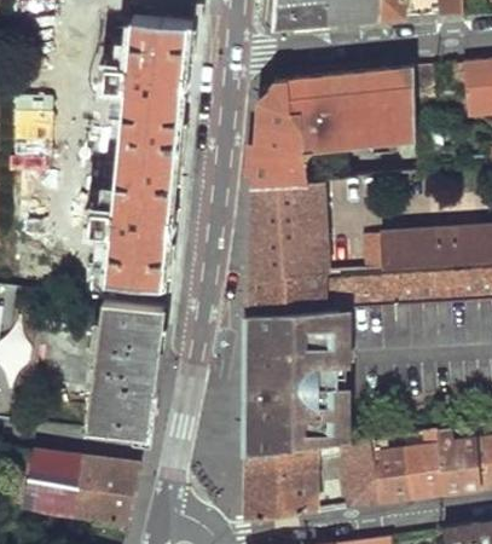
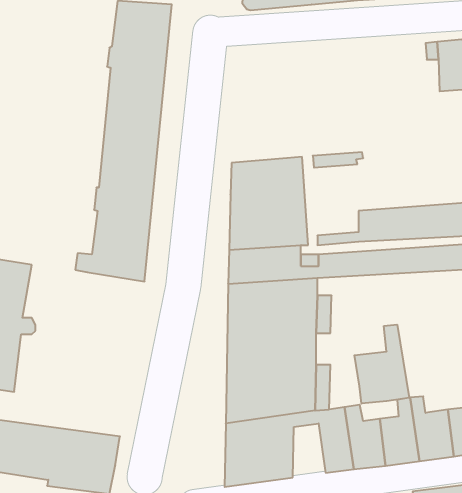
building: [251,68,415,187] -> none
building: [86,300,162,439] -> none
building: none -> [354,325,409,404]

